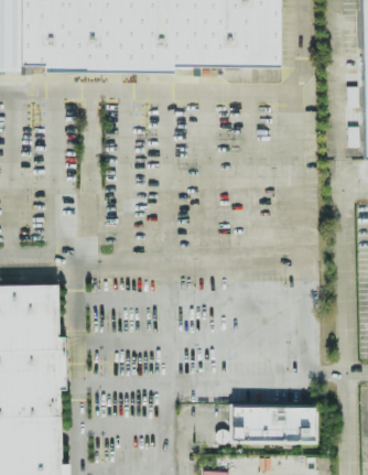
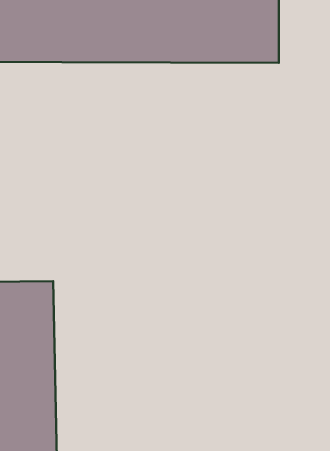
building: [208,402,311,443] -> none

